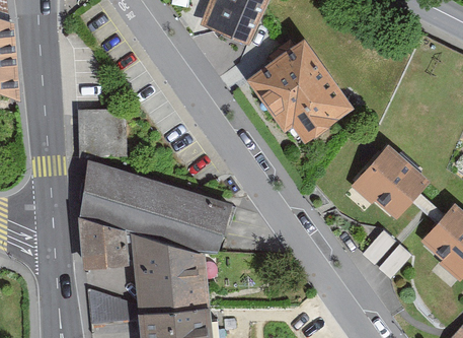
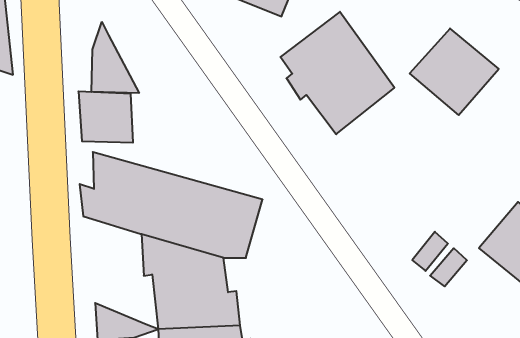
building: none -> [91,22,139,93]
building: [350,145,426,219] -> [410,28,499,115]
building: [80,217,132,269] -> none

